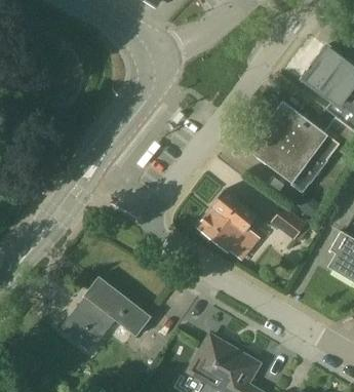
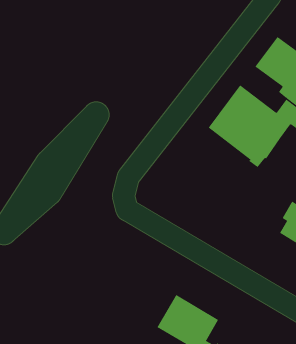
building: [199,188,259,258] -> none
building: [271,208,307,241] -> none
building: [61,275,151,352] -> none

